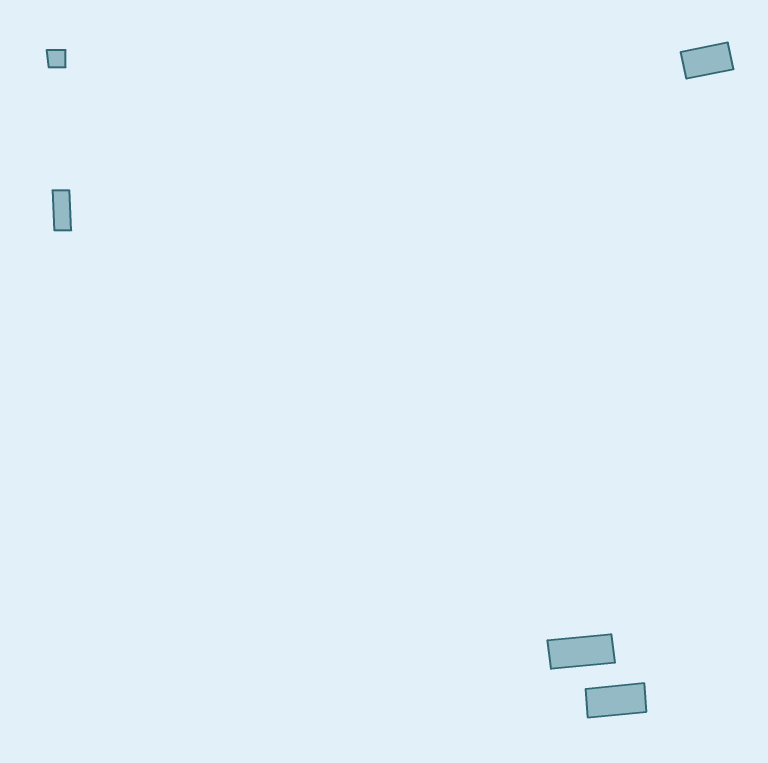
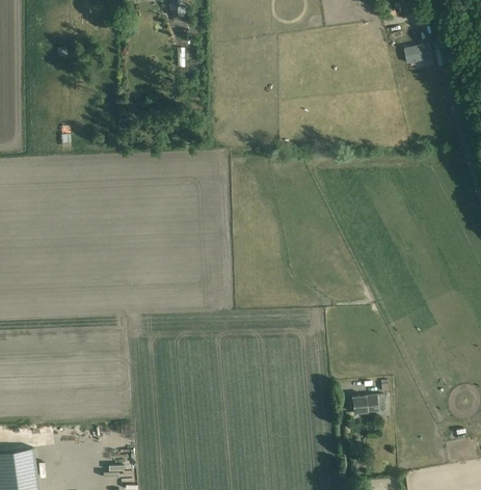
building: [547,634,615,669] -> none

